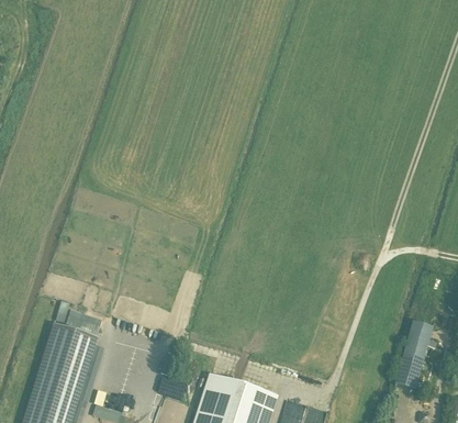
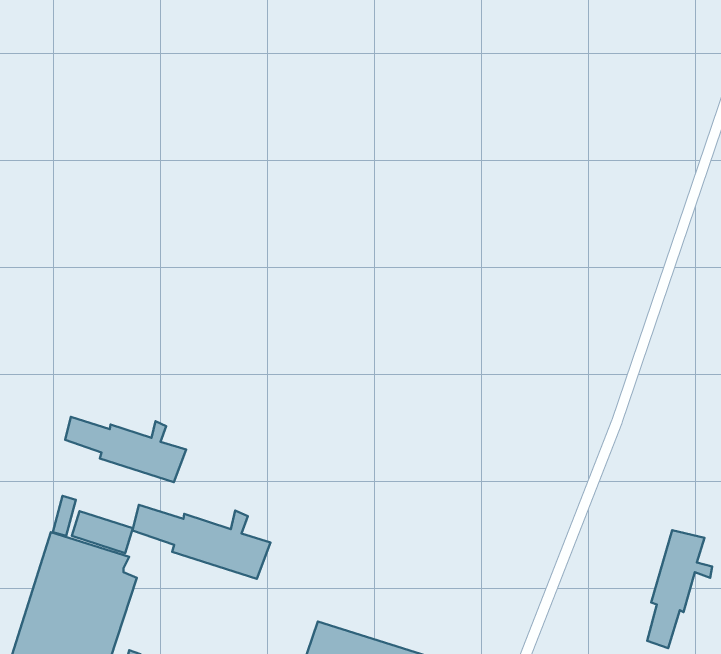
building: none -> [65,417,186,482]
building: none -> [132,505,271,579]

